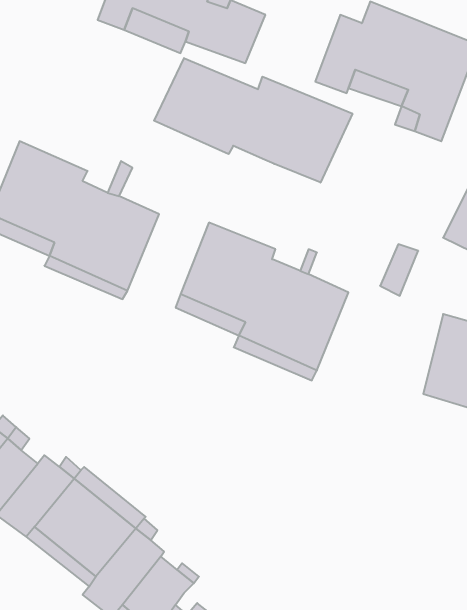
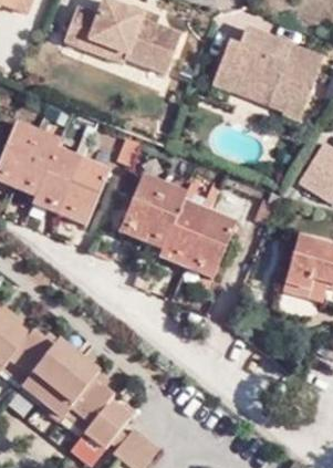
building: [154,58,352,183] -> none

